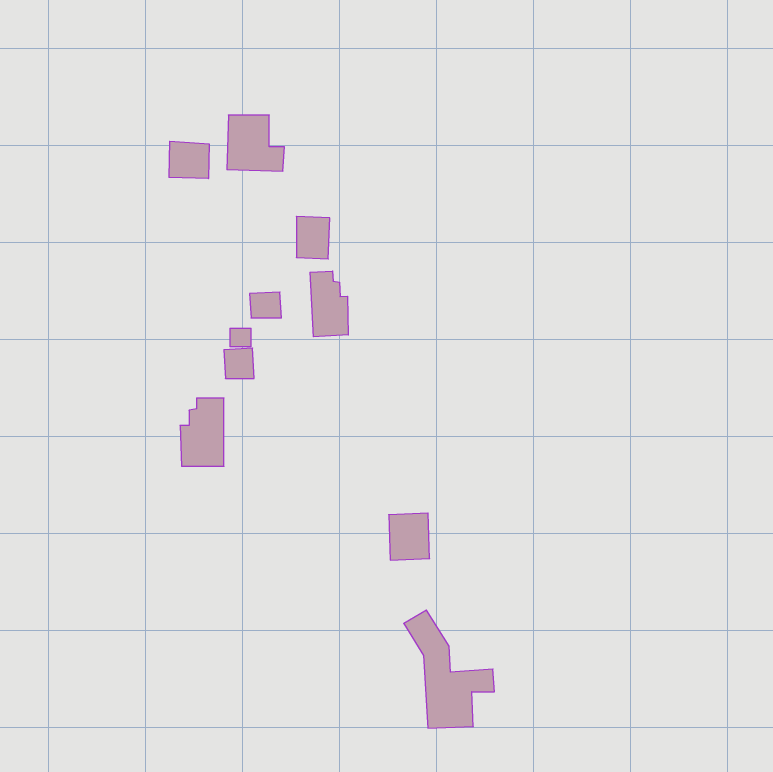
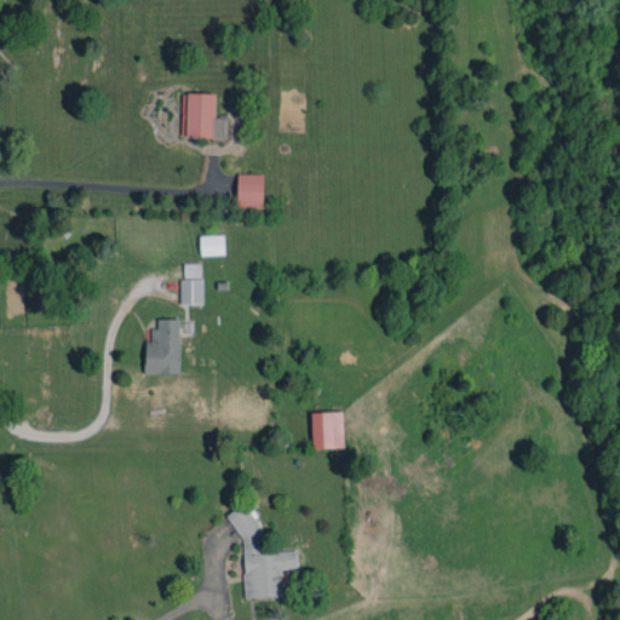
building: [169,141,209,179] -> none
building: [310,271,348,337] -> none
building: [404,610,494,728] -> [226,504,299,598]

